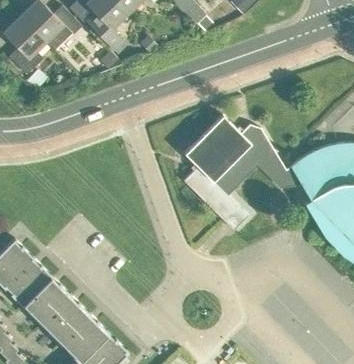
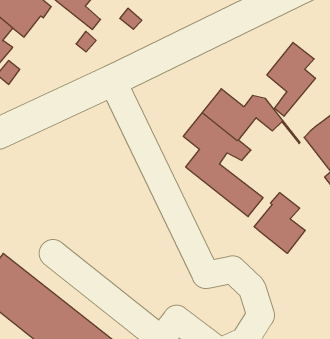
building: none -> [267,42,315,116]
building: none -> [254,193,305,253]

